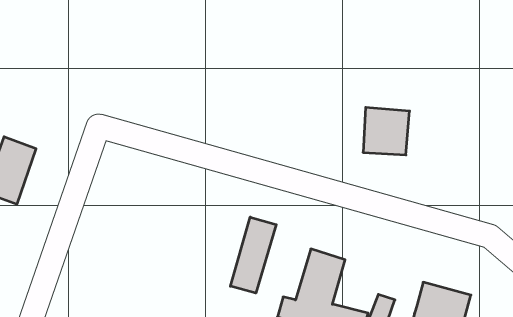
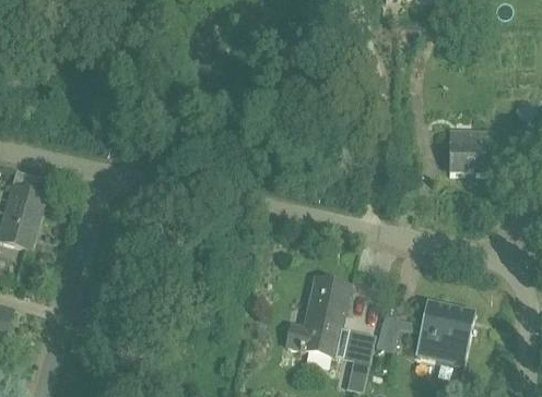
building: [363,107,410,155] -> [448,131,491,175]
building: [230,217,276,293] -> none

